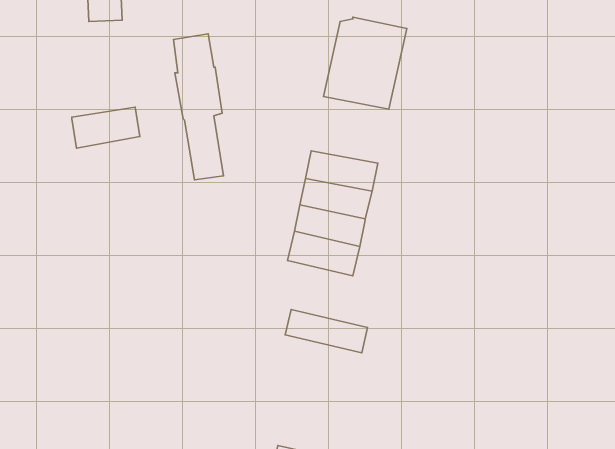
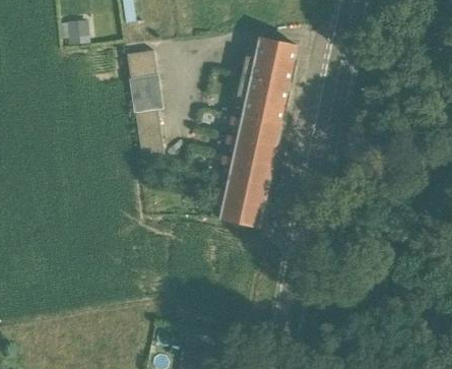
building: none -> [229,96,285,144]
building: [72,107,140,148] -> none
building: [285,310,367,353] -> none

